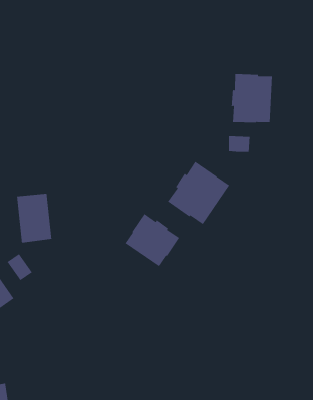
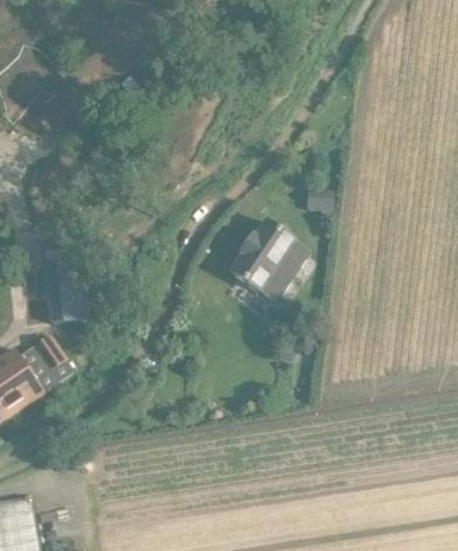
building: [231,73,273,123] -> none
building: [125,213,180,267] -> none

